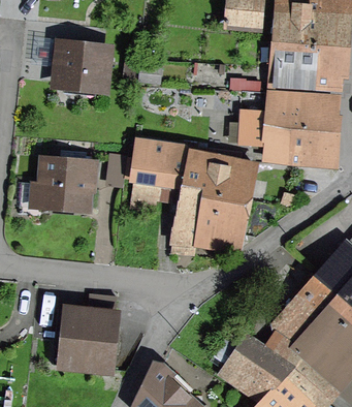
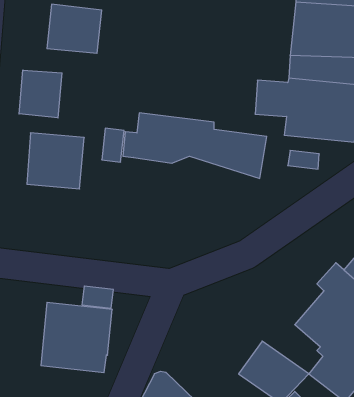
building: none -> [19,70,62,118]
building: [134,180,248,250] -> none

